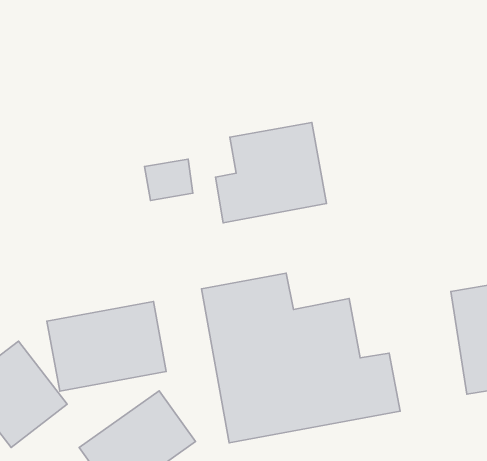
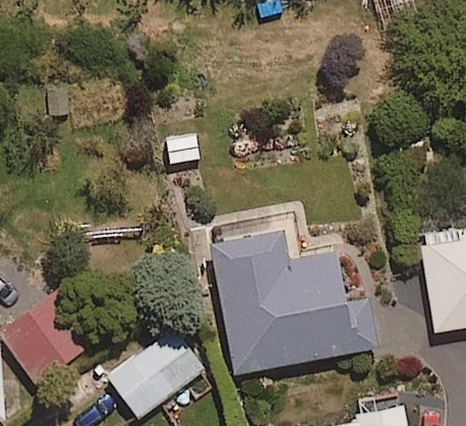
building: [215,123,327,223] -> none
building: [47,302,166,391] -> none

